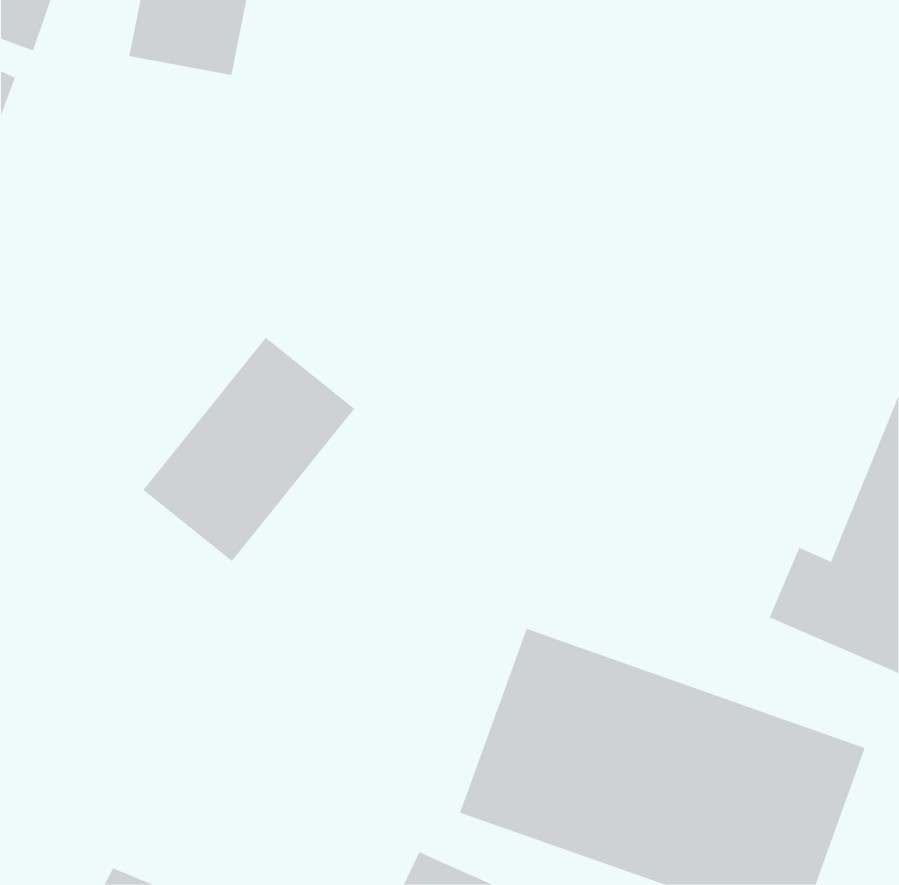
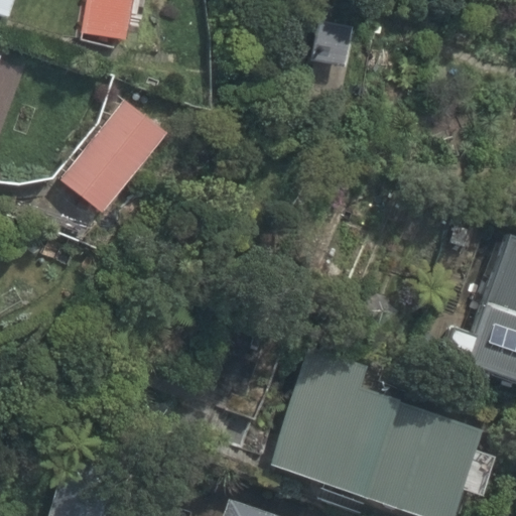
building: [142,337,355,562] -> [54,90,176,219]

